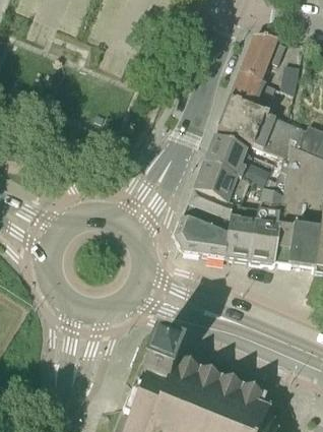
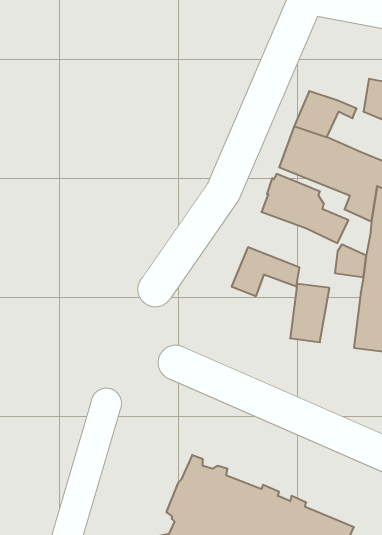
building: [240,35,284,79] -> none
building: [194,163,241,205] -> none
building: [175,209,231,257] -> none
building: [248,220,278,264] -> none

